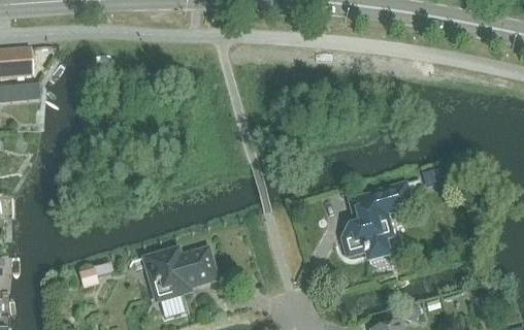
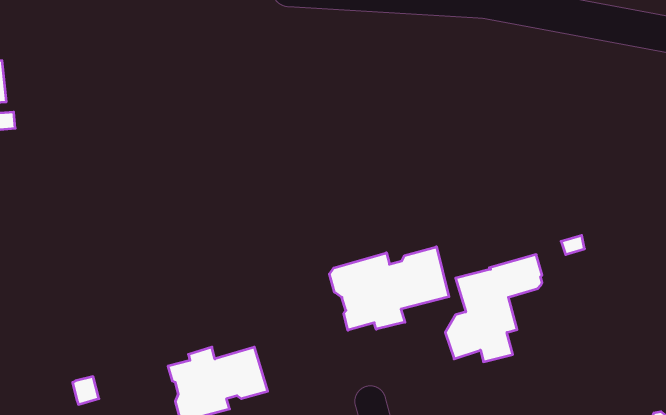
building: none -> [329,247,449,330]

